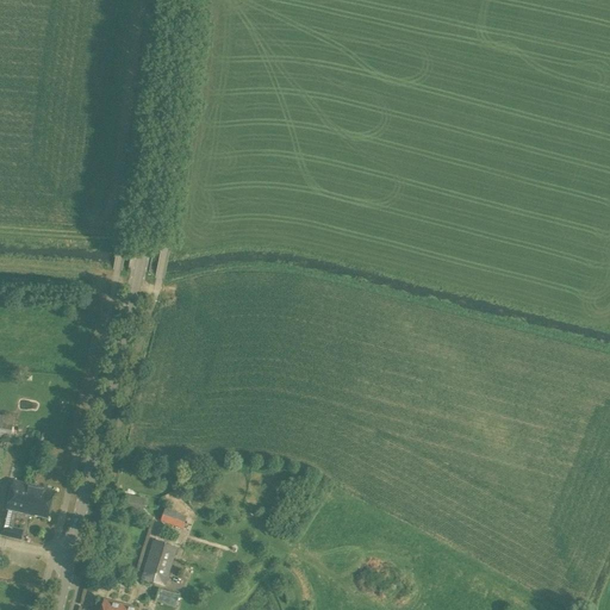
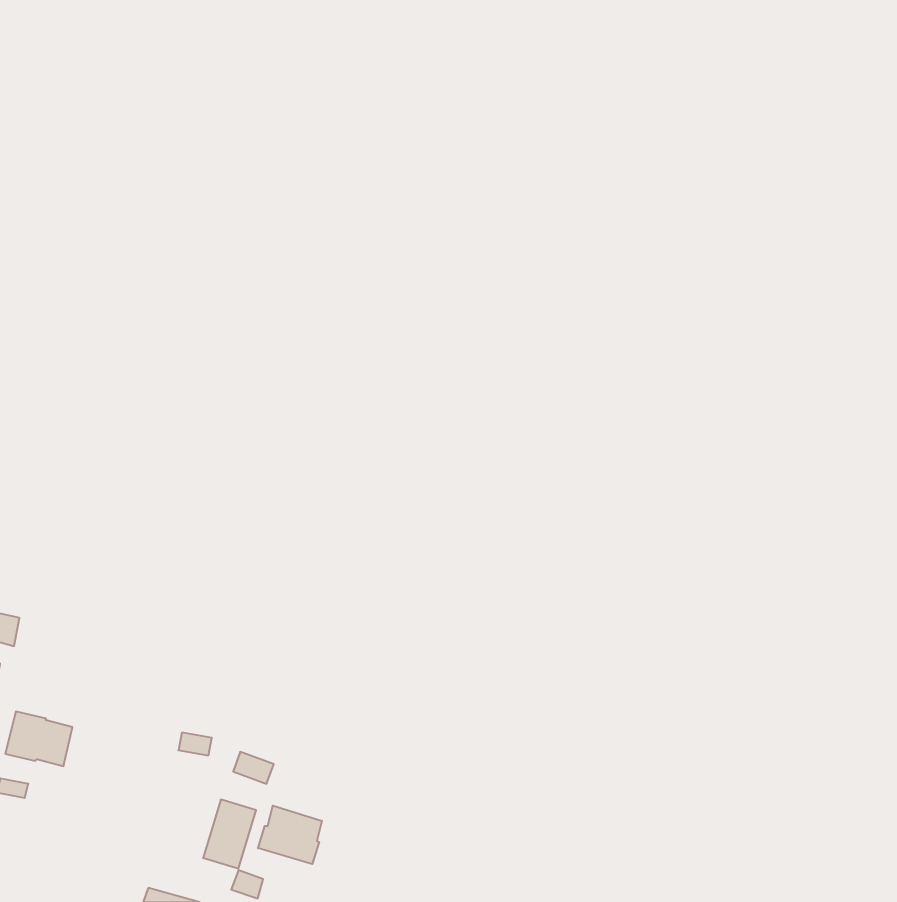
building: none -> [258,806,322,864]

